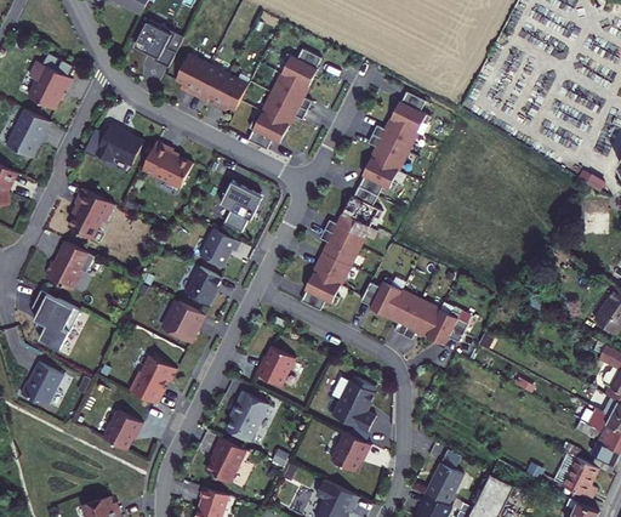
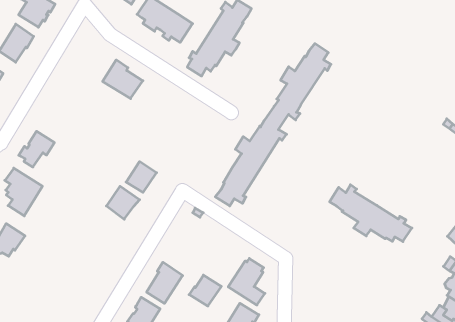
building: [84,121,143,164] -> none
building: [220,181,266,232] -> none
building: [67,187,113,238] -> none
building: [199,228,240,267] -> none
building: [360,277,468,343] -> [330,185,412,242]
building: [255,347,295,386] -> [189,275,221,306]
building: [129,356,175,404] -> none
building: [101,410,141,450] -> none

